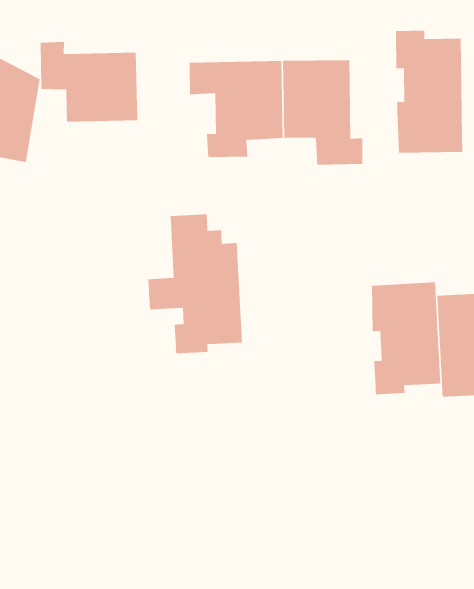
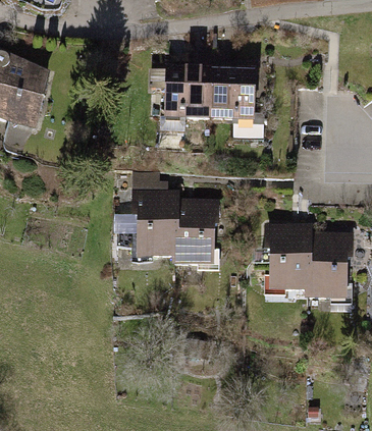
building: [395,30,463,153] -> none
building: [40,41,138,122] -> none
building: none -> [175,197,220,271]

